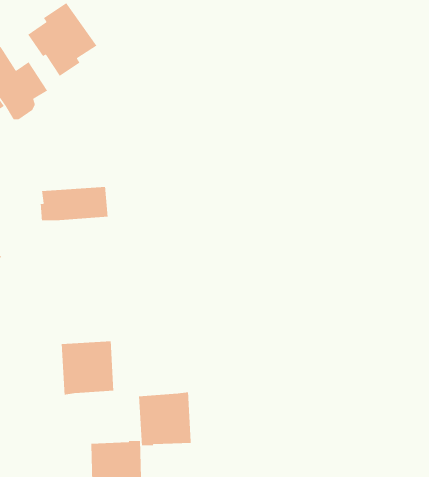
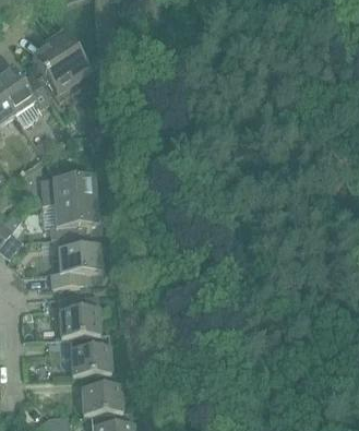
building: none -> [49,200,97,238]
building: none -> [50,246,100,287]
building: [138,391,192,446] -> [69,334,110,376]

